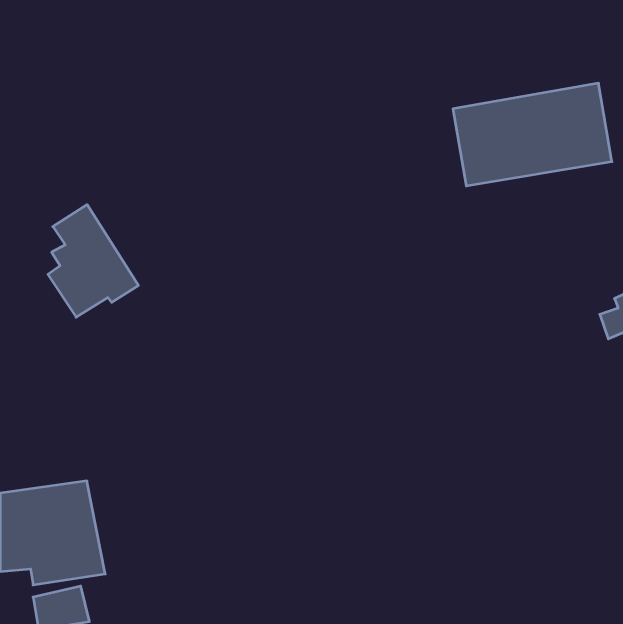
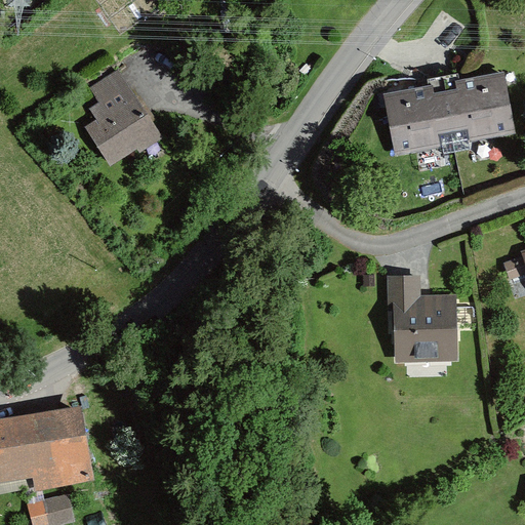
building: [48,205,138,317] -> [85,70,161,164]
building: none -> [389,277,457,362]

